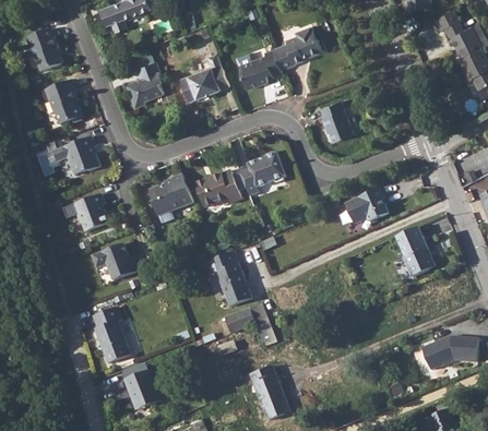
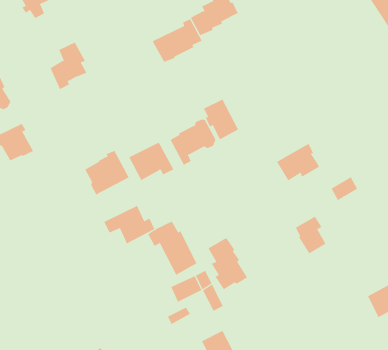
building: [180,52,229,100] -> none
building: [320,100,354,142] -> [203,99,239,140]
building: [71,194,108,234] -> none
building: [402,239,431,277] -> [295,216,326,254]
building: [86,244,138,283] -> [104,205,155,244]
building: none -> [208,237,248,290]
building: [92,307,131,364] -> none

